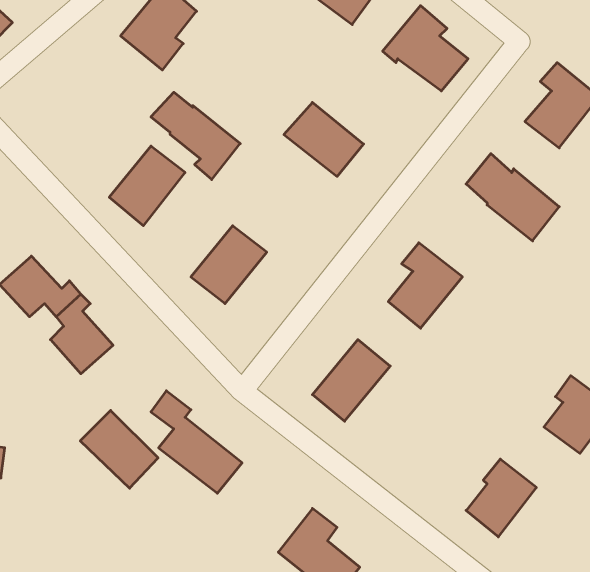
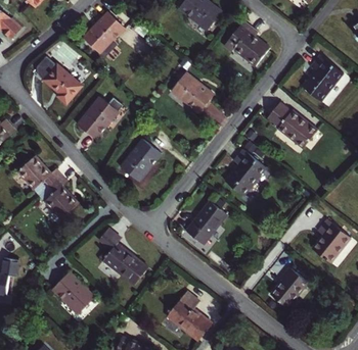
building: [151,92,240,180] -> [34,57,82,104]
building: [80,410,158,488] -> [53,272,95,314]

